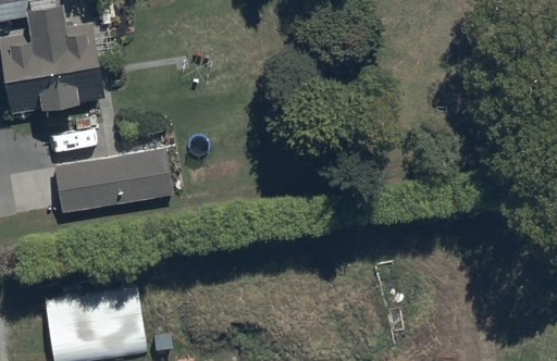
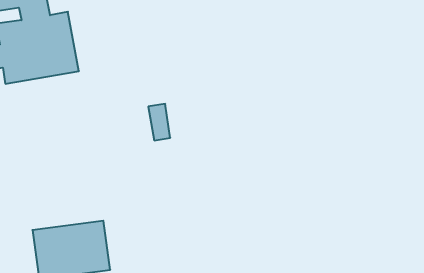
building: [53,147,174,213] -> none

